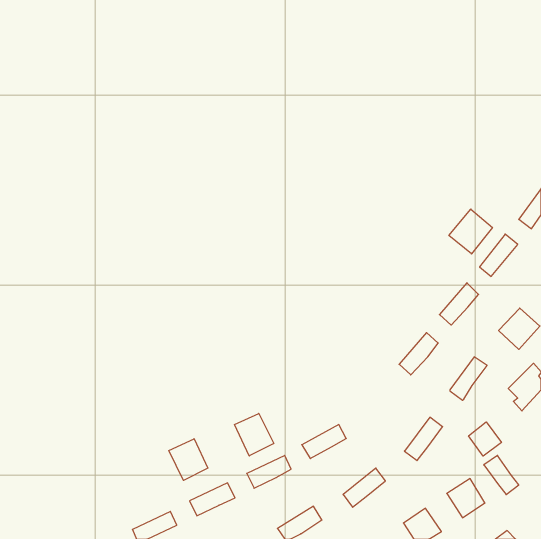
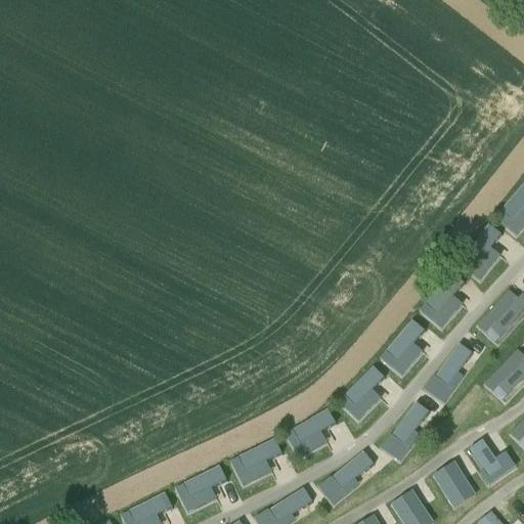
building: [449,209,492,254] -> none
building: none -> [344,367,384,407]
building: [234,413,274,456] -> none
building: [469,422,501,456] -> none
building: [169,439,208,480] -> none

